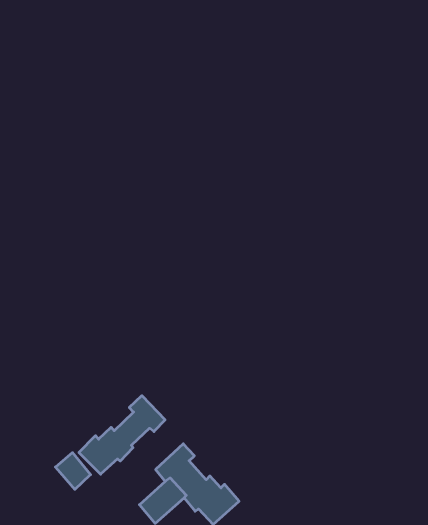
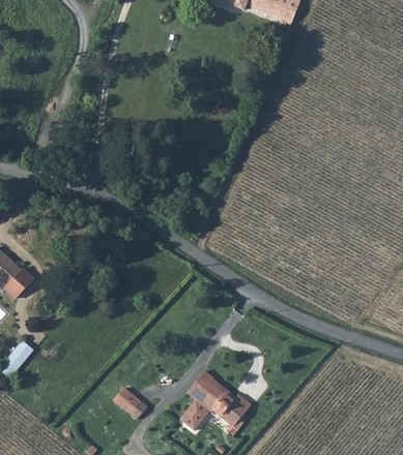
building: [79,396,165,474] -> none

